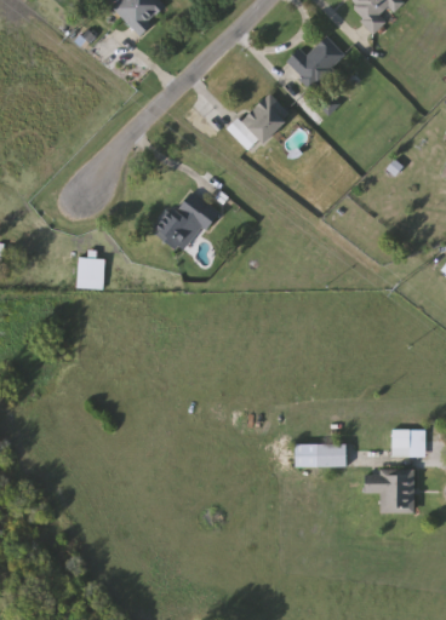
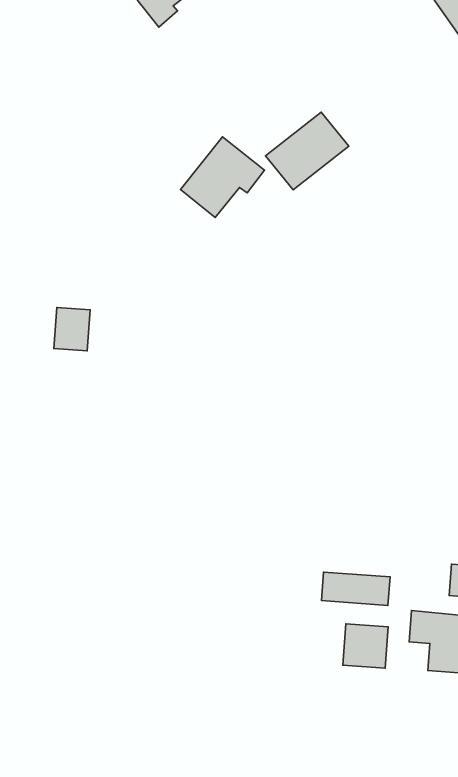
building: [285,36,345,90] -> none
building: [156,189,219,251] -> [180,137,265,217]
building: none -> [343,624,388,668]

